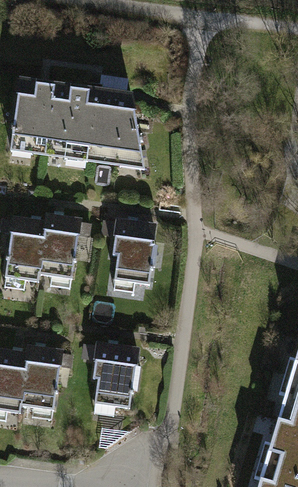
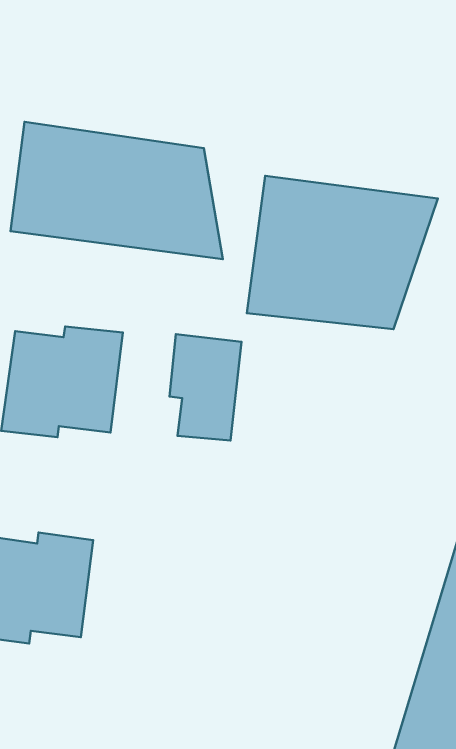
building: none -> [247,176,438,329]
building: [96,342,142,409] -> none

